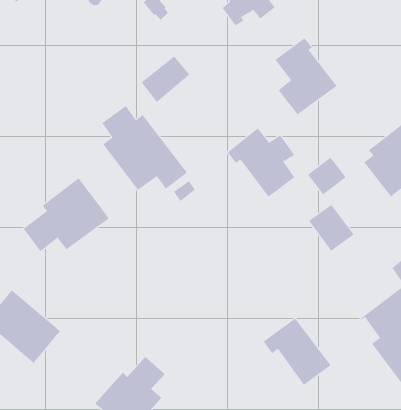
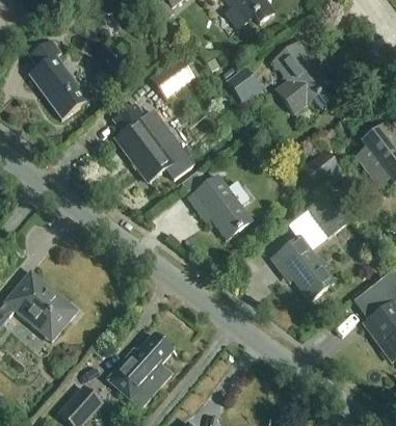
building: none -> [28,38,89,119]
building: none -> [227,66,264,105]
building: [227,128,295,197] -> [188,175,252,239]
building: [23,177,110,252] -> none
building: [263,318,332,386] -> [271,237,335,299]

